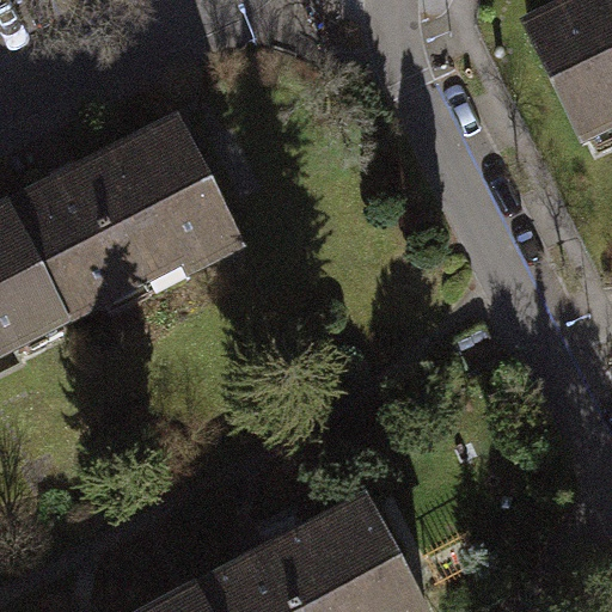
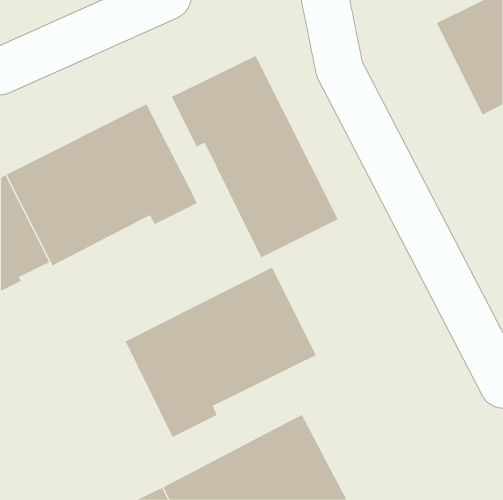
building: none -> [171,55,339,258]
building: none -> [125,267,316,438]

